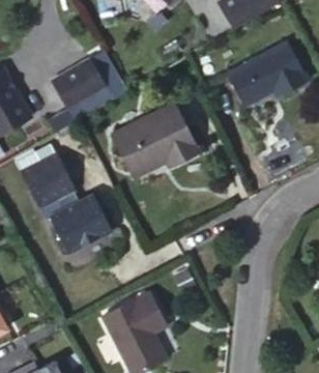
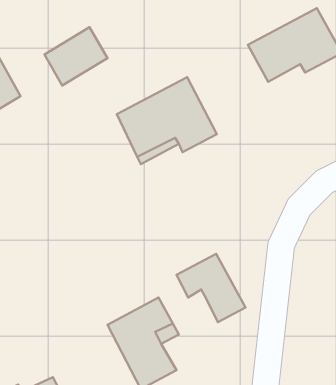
building: [23,153,113,250] -> none
building: none -> [176,254,246,322]

